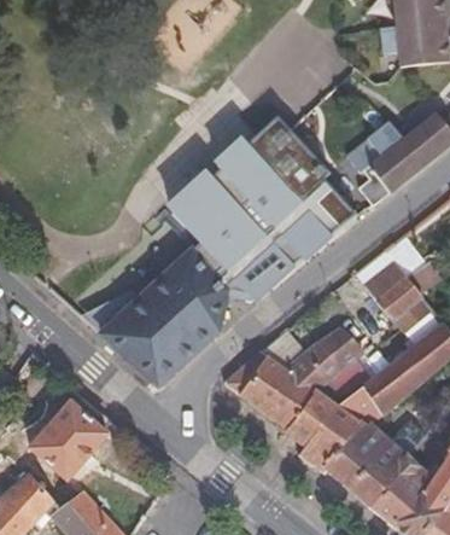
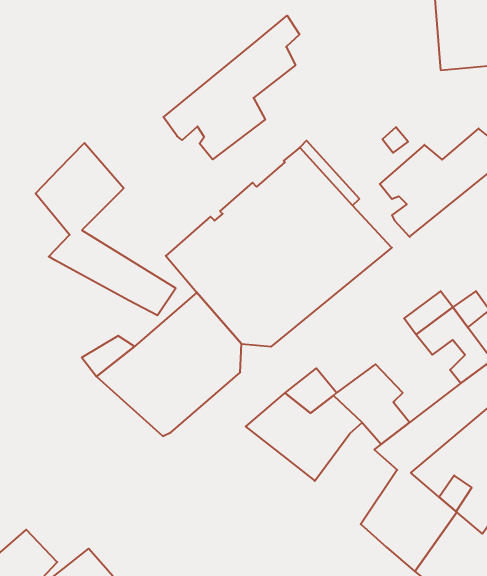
building: none -> [163,16,299,159]
building: none -> [36,143,176,315]
building: [285,377,358,469] -> none
building: [30,402,106,479] -> none

